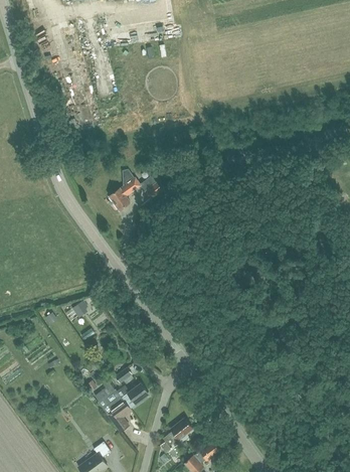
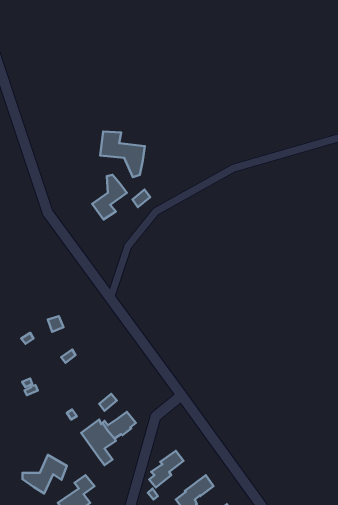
building: none -> [100,131,145,177]
building: none -> [22,455,67,493]

